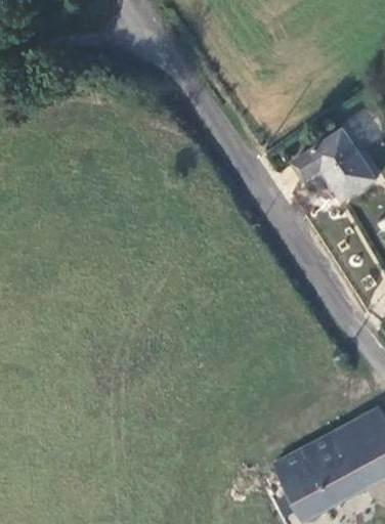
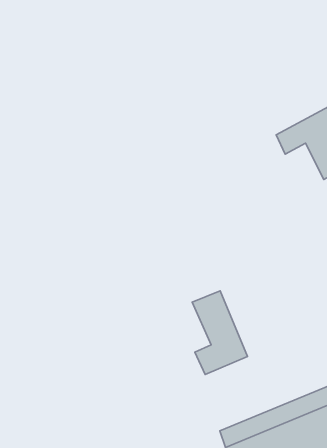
building: none -> [192,291,247,374]

